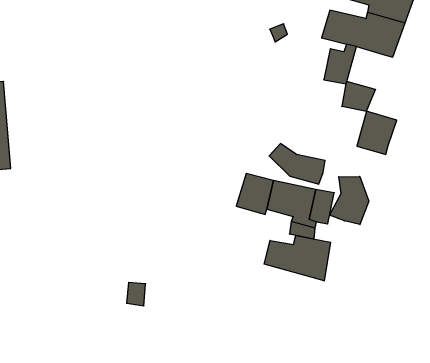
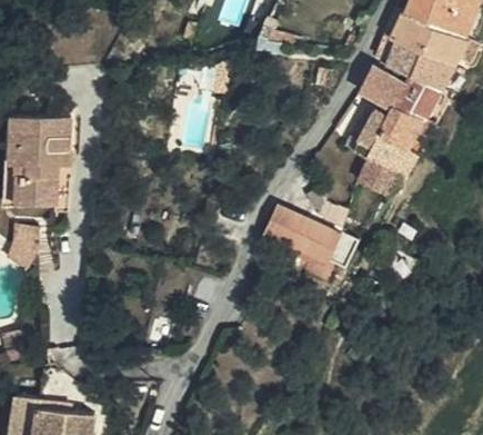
building: [357,111,397,154] -> [378,128,417,170]
building: [330,176,369,225] -> none
building: [264,235,331,281] -> none

